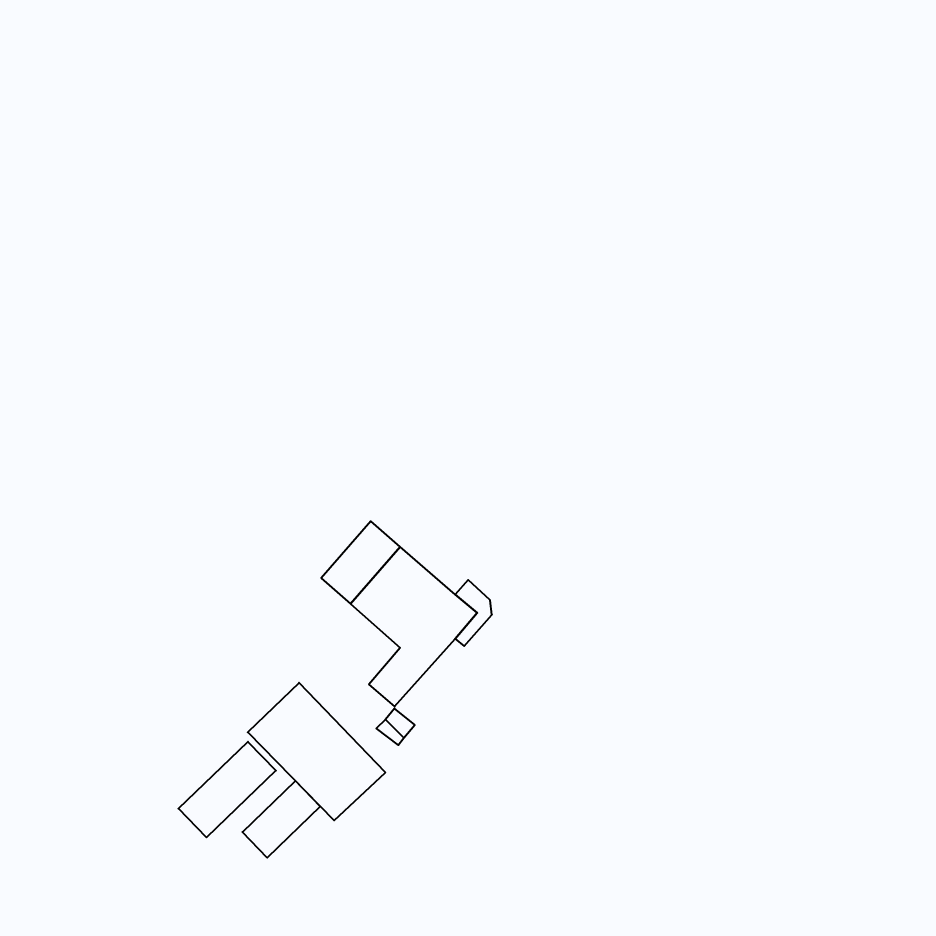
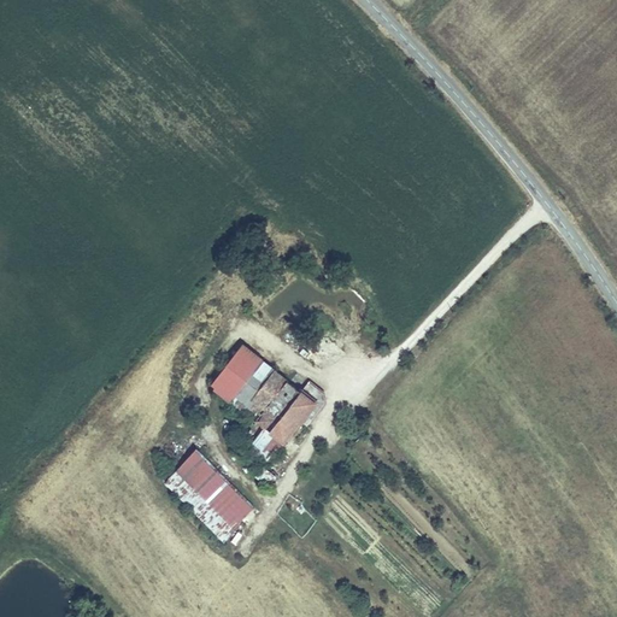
building: [178,742,276,837] -> none
building: [242,781,320,858] -> none

